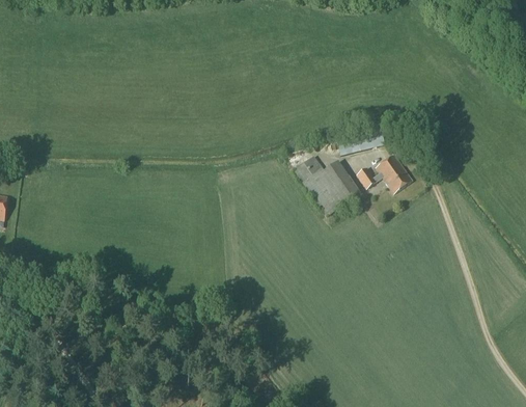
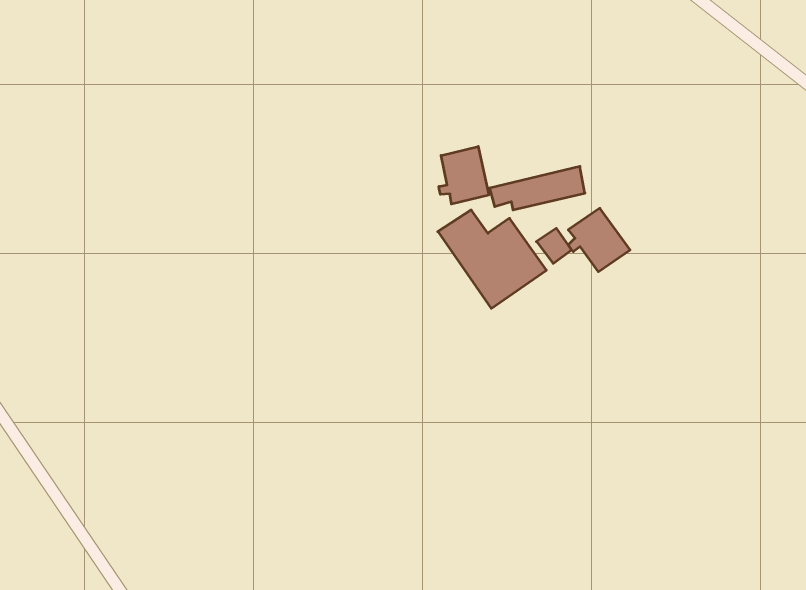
building: none -> [439,146,489,204]

